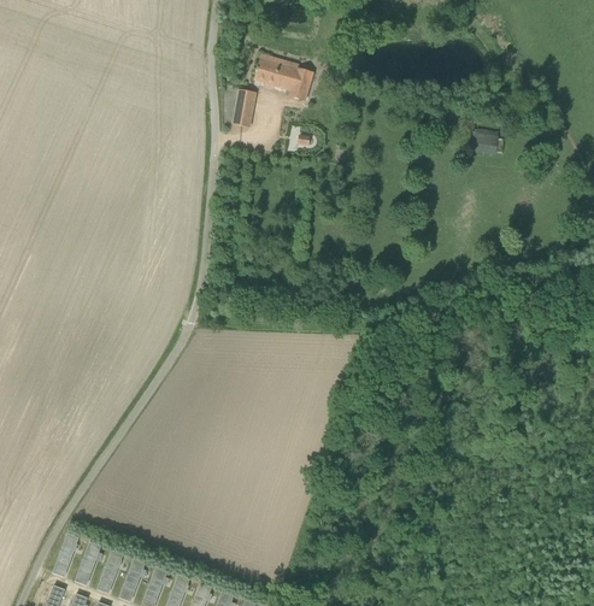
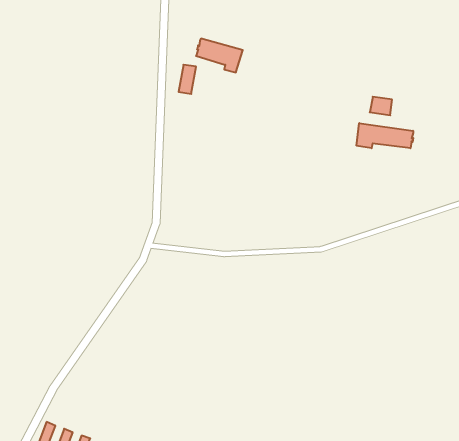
building: none -> [357,123,413,148]

